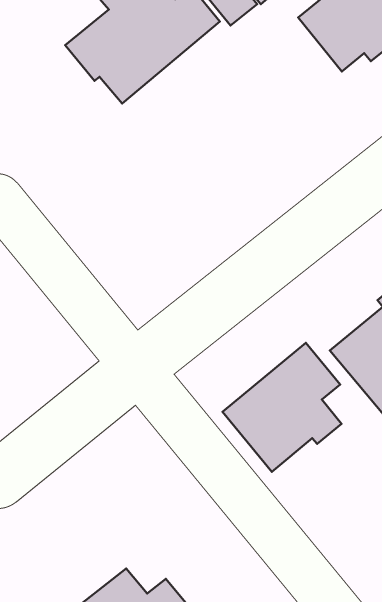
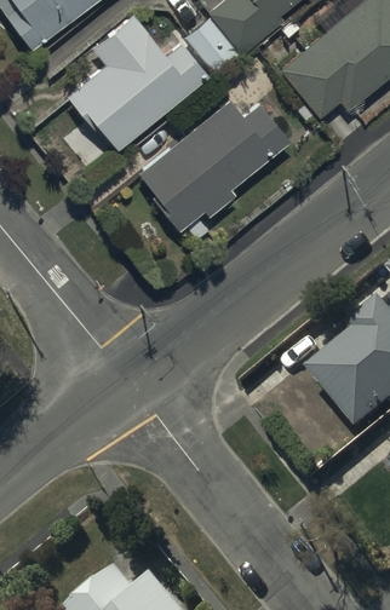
building: none -> [138,92,287,221]
building: [222,343,342,472] -> none

